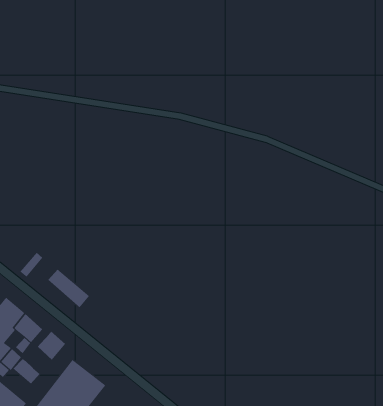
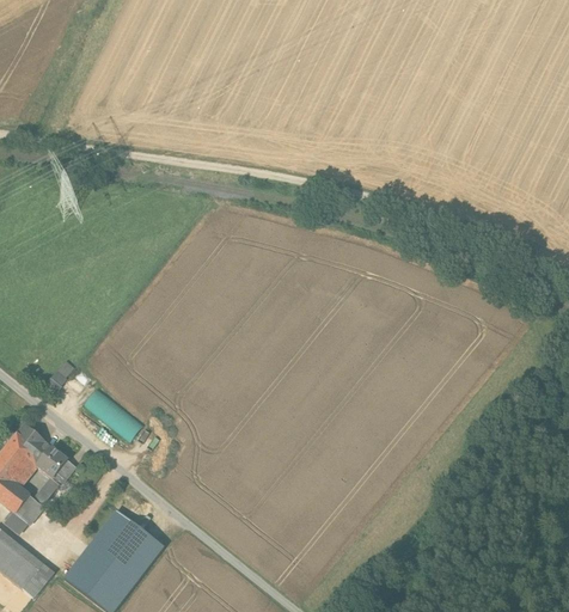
building: [37,331,66,360] -> none
building: [13,358,40,385] -> none

